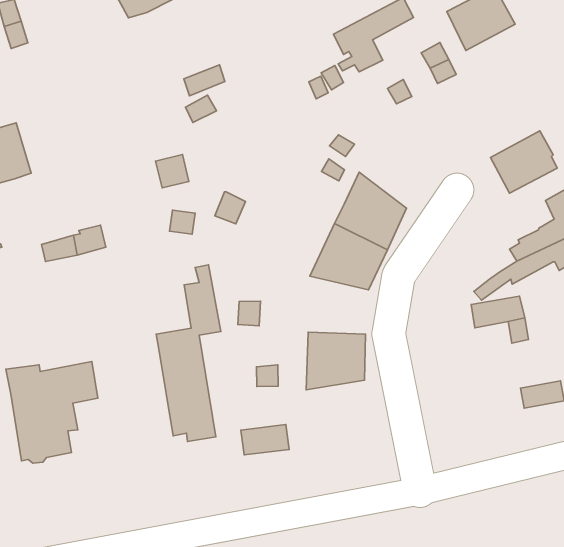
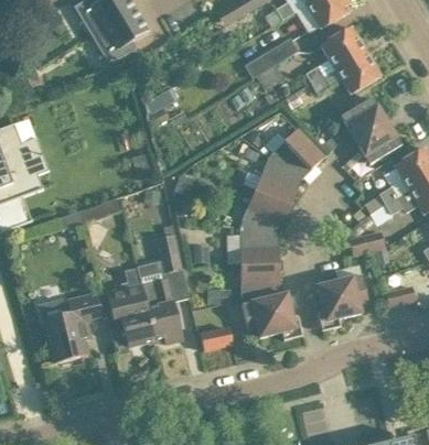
building: none -> [334,50,380,94]
building: none -> [341,96,387,140]
building: none -> [268,128,324,177]
building: none -> [239,227,279,264]
building: none -> [106,282,154,346]
building: none -> [317,274,368,327]
building: none -> [242,292,294,339]

